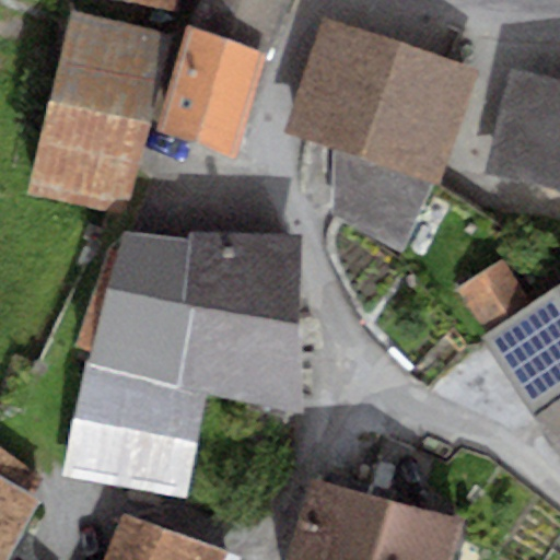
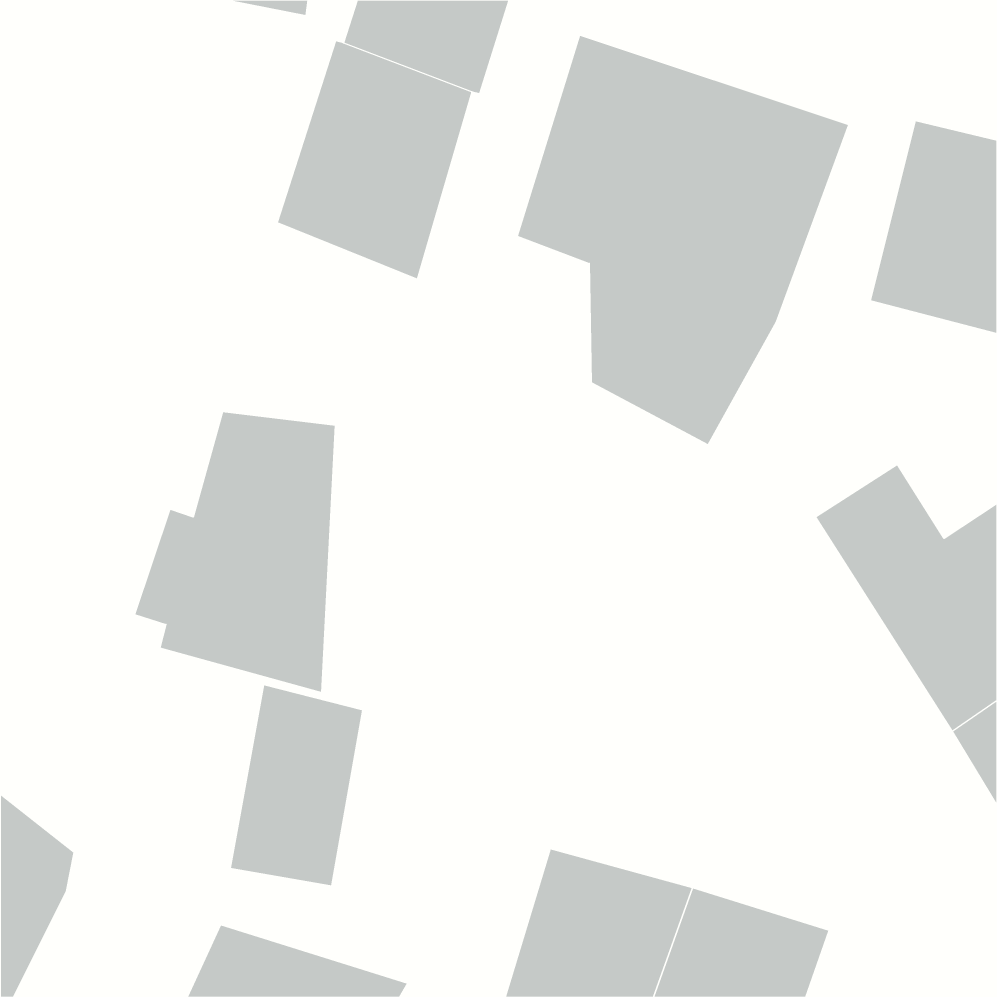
building: [26,9,163,212] -> none
building: [180,231,296,411] -> none
building: [61,366,148,487] -> none

